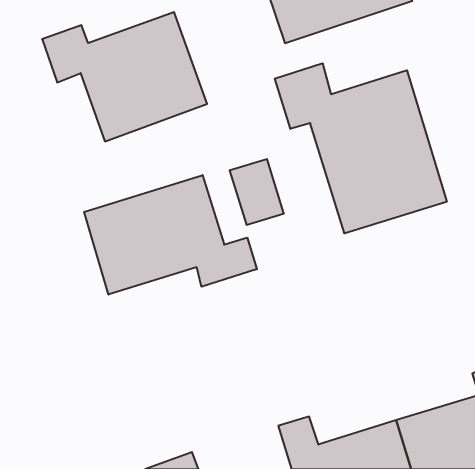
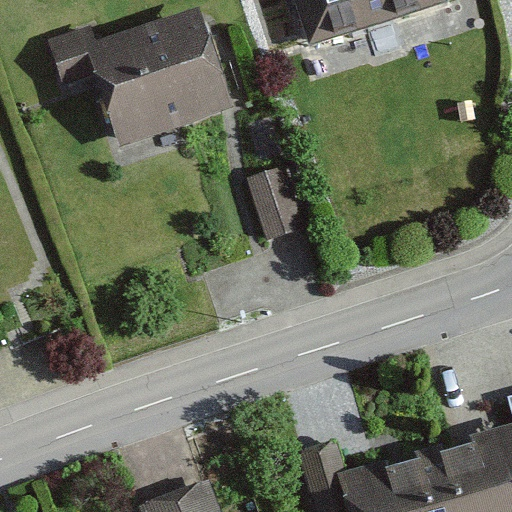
building: [275,63,447,233] -> none
building: [84,175,257,295] -> none

